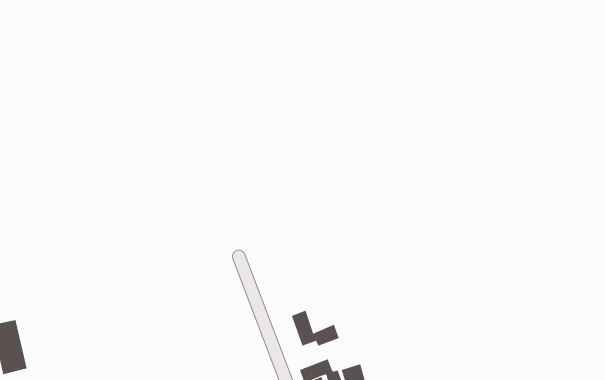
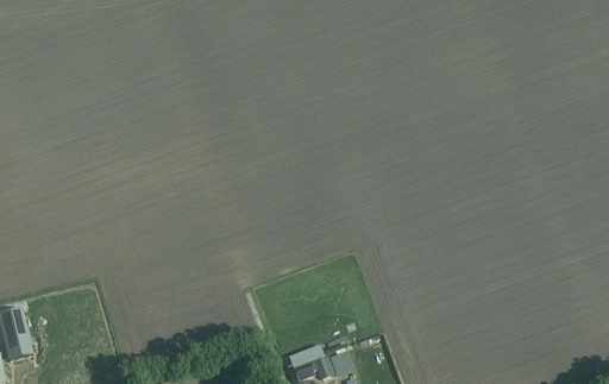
building: [291,310,340,346] -> none

